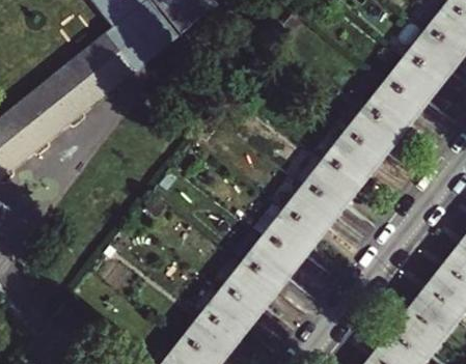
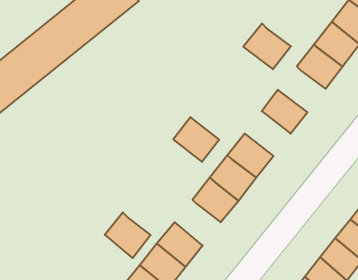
building: [346,105,401,158] -> [243,24,291,69]
building: [307,157,360,208] -> [173,117,219,162]
building: [226,259,279,312] -> [105,212,151,258]

